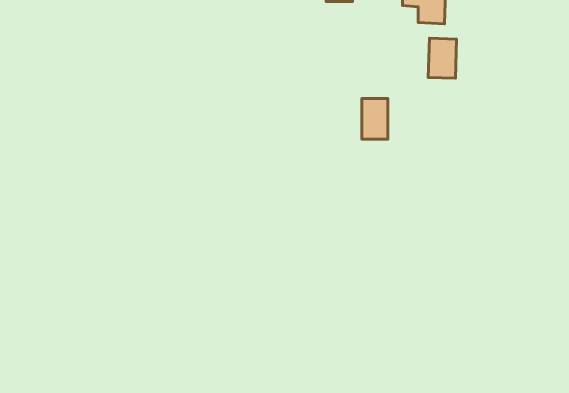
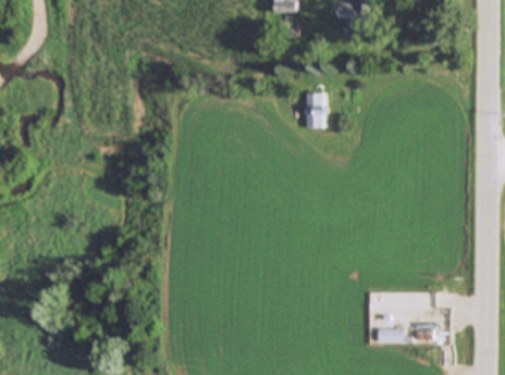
building: [428,38,457,78] -> none

